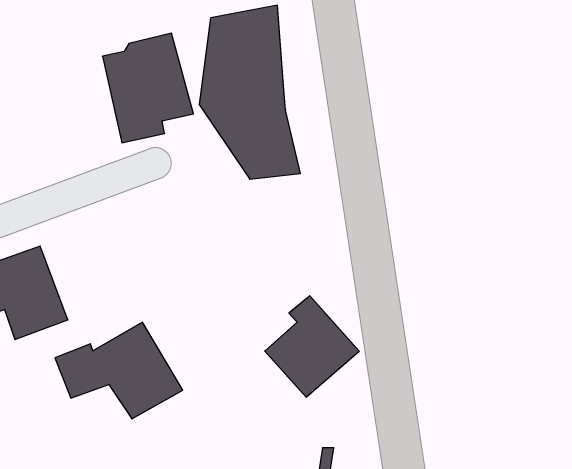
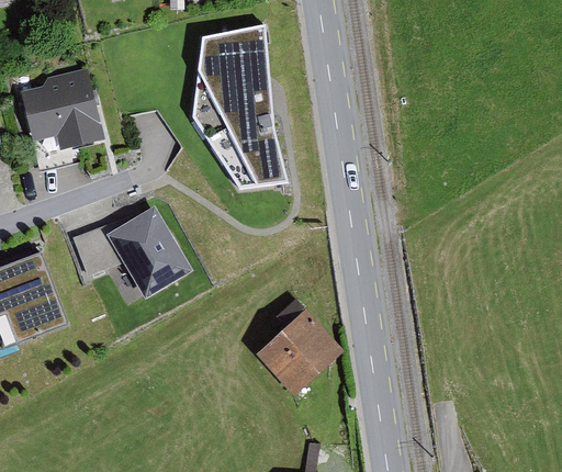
building: [102,33,193,143] -> [21,68,108,172]
building: [55,322,183,419] -> [70,204,192,296]

